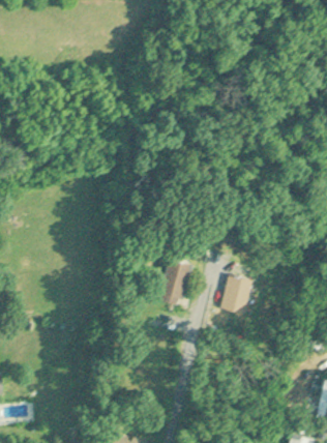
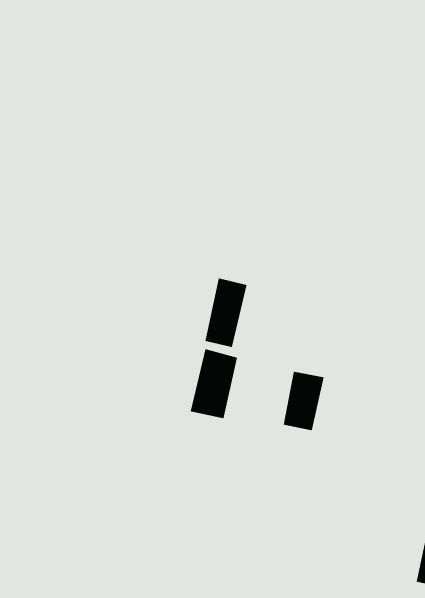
building: none -> [205,278,247,348]

